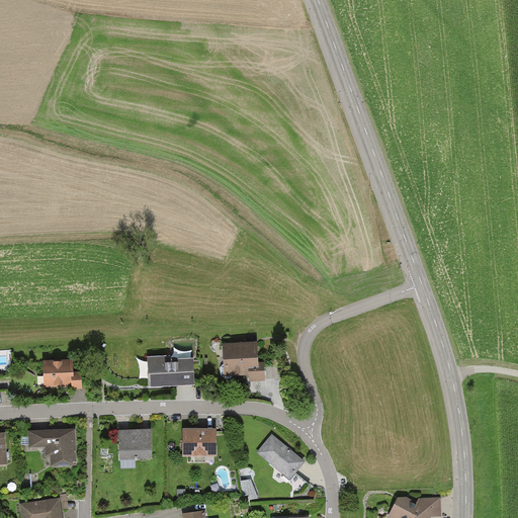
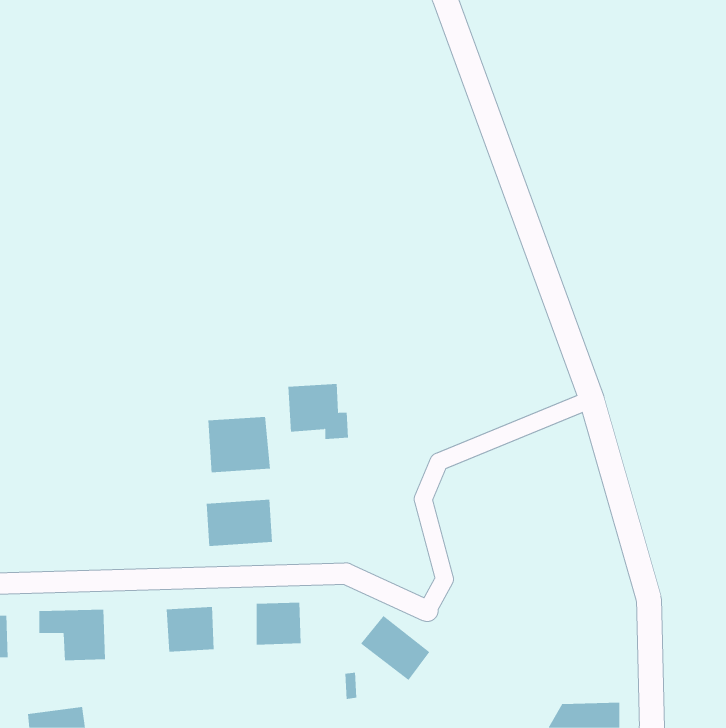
building: none -> [208,416,271,473]
building: [222,343,265,382] -> [287,384,349,439]
building: [41,358,80,387] -> none

